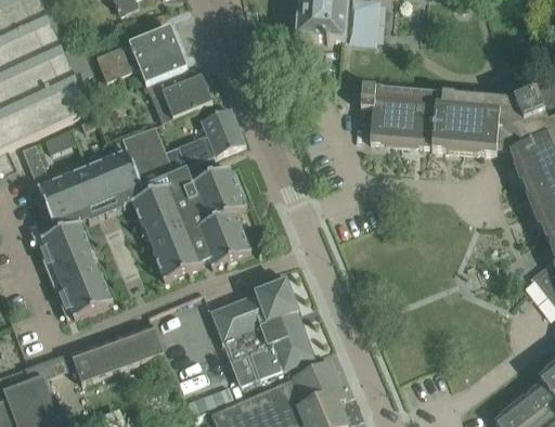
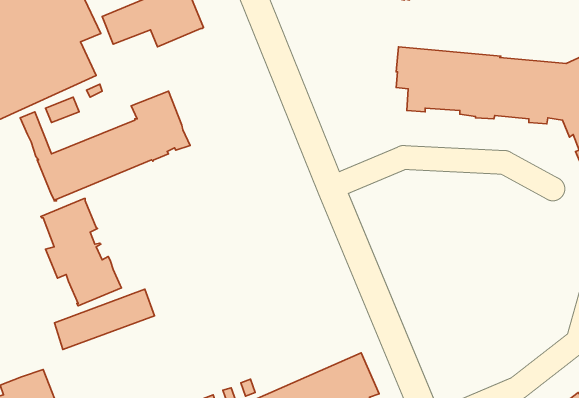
building: [145,67,211,120] -> none
building: [167,107,244,172] -> none
building: [131,166,250,279] -> none
building: [211,279,314,385] -> none
building: [73,328,163,383] -> [54,289,154,349]

